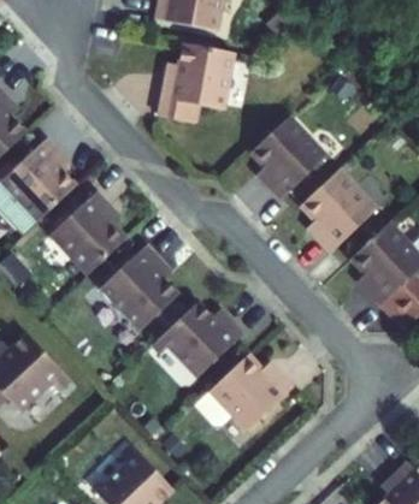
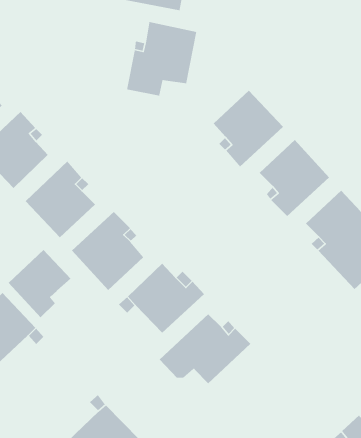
building: none -> [8,249,71,318]

